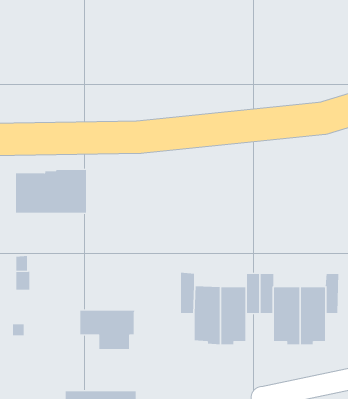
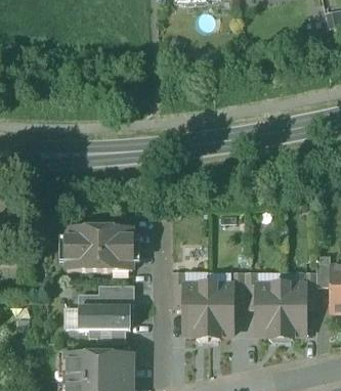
building: [15,170,87,213] -> [68,229,133,269]
building: none -> [80,286,133,308]
building: none -> [67,355,132,380]

